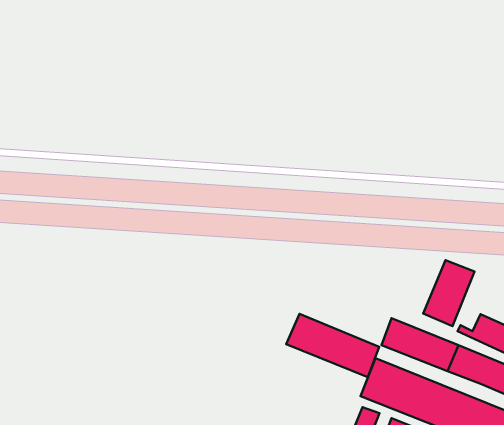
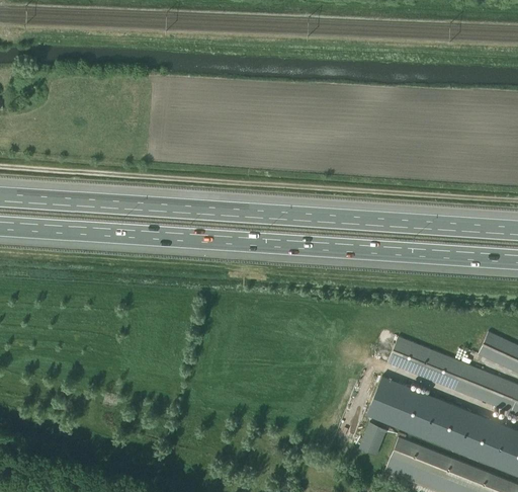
building: [423,260,474,326] -> none
building: [286,314,379,377] -> none

